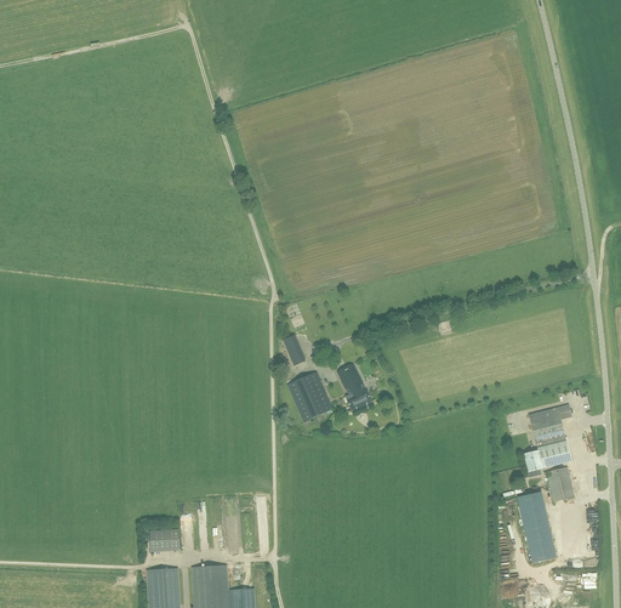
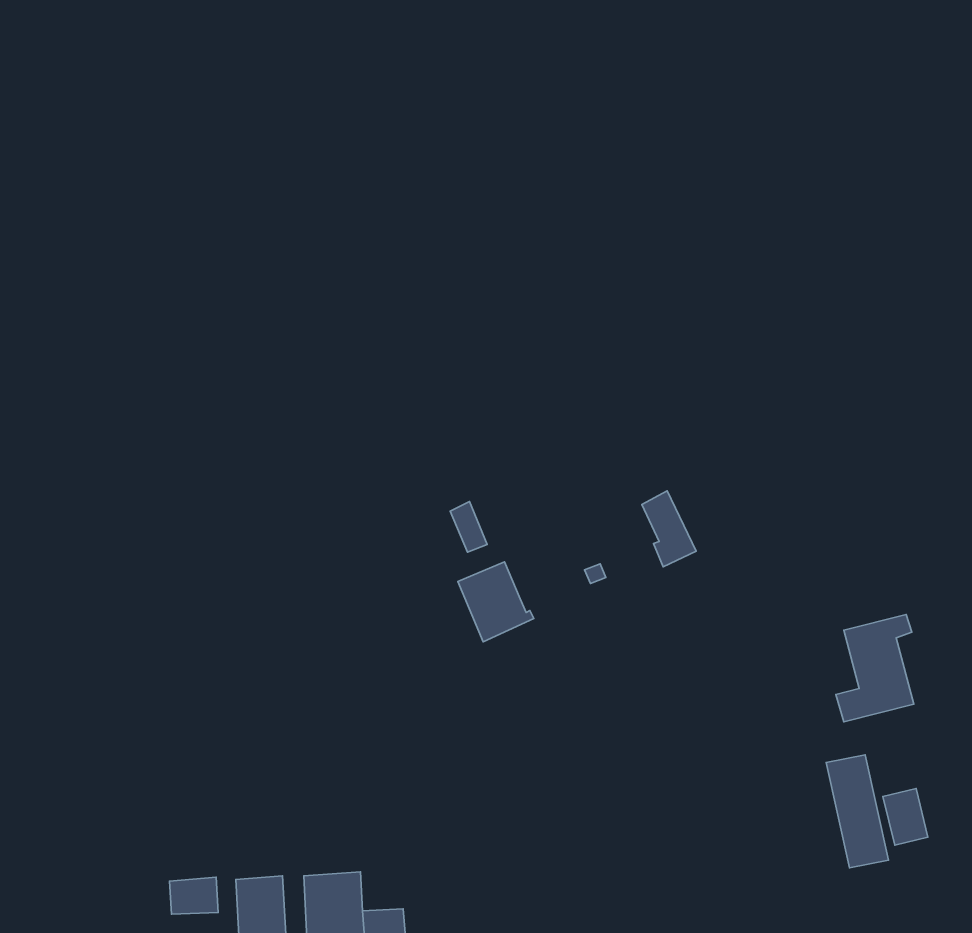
building: [337,363,371,410] -> [642,491,696,567]
building: [546,466,574,501] -> [883,789,928,845]
building: [149,528,180,551] -> [169,877,218,914]

